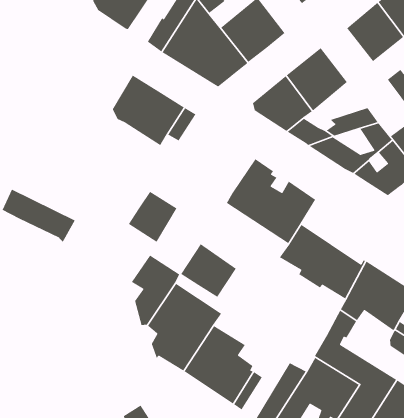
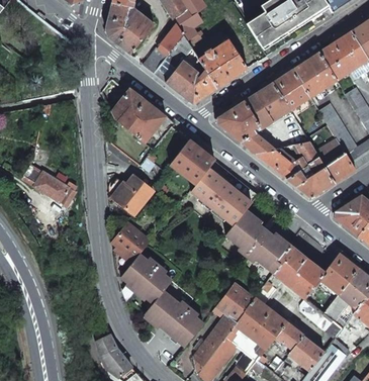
building: none -> [273,70,314,116]
building: none -> [171,139,215,184]
building: [180,243,237,298] -> none
building: none -> [216,283,255,322]

